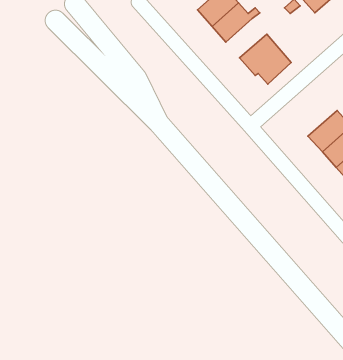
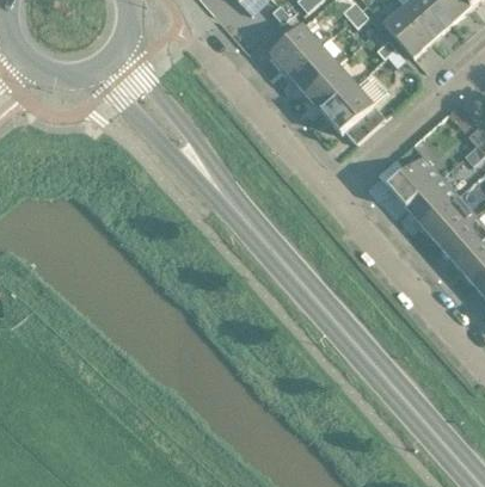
building: none -> [303,63,354,111]
building: none -> [386,155,440,206]

